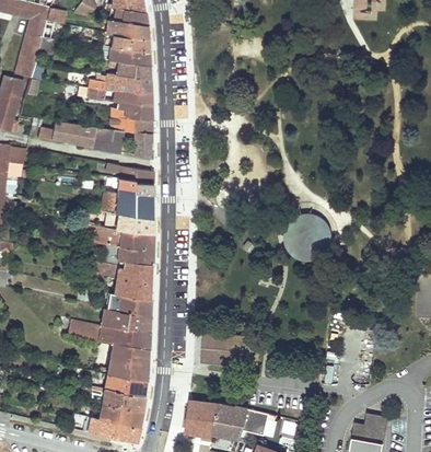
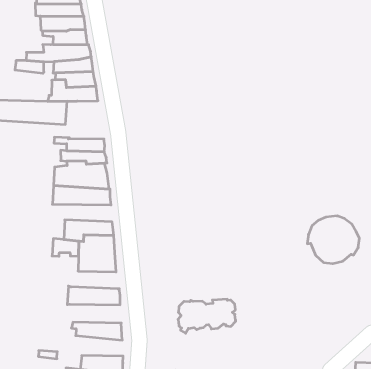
building: [132,132,152,159] -> none
building: [282,215,333,259] -> [307,216,359,264]
building: [82,225,152,252] -> none
building: [104,293,149,316] -> none
building: [67,320,149,349] -> none
building: [98,356,147,381] -> none

